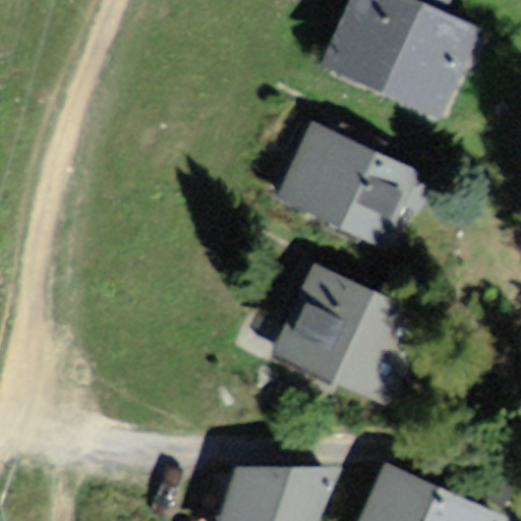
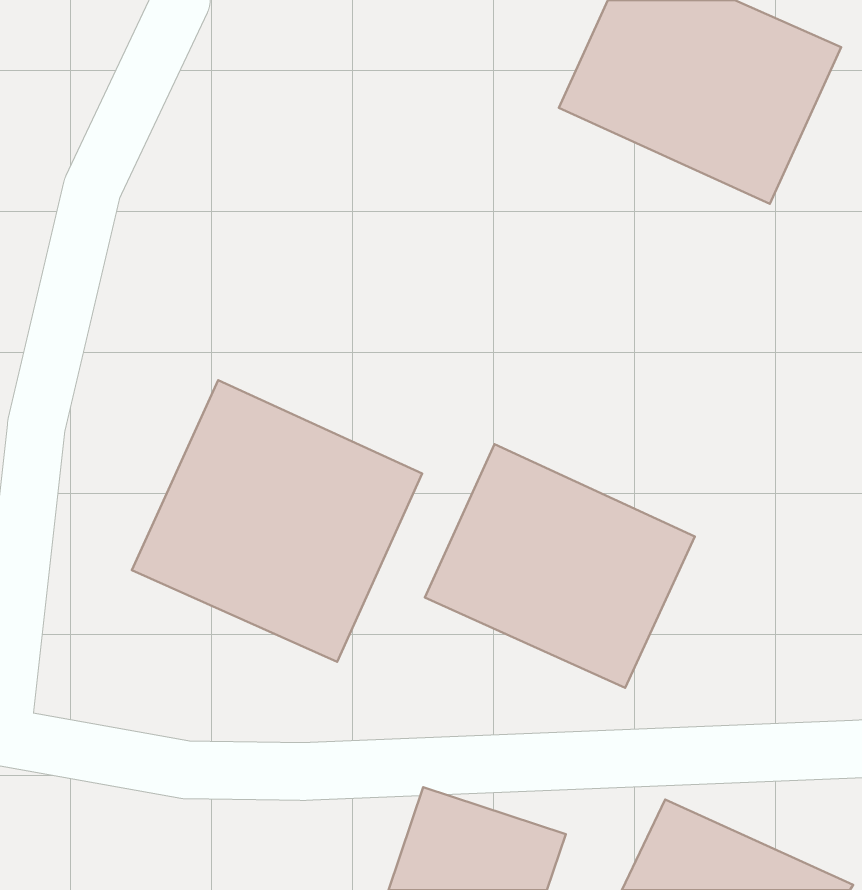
building: [284,122,437,254] -> none
building: none -> [132,380,422,662]

